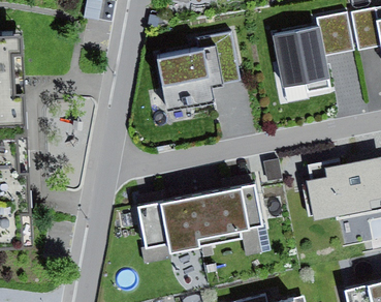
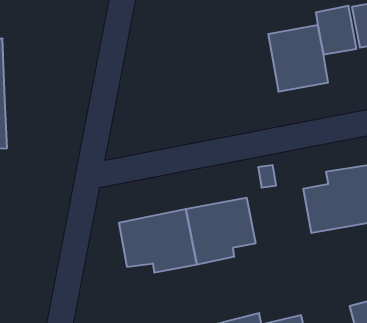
building: [155,32,239,115] -> none

